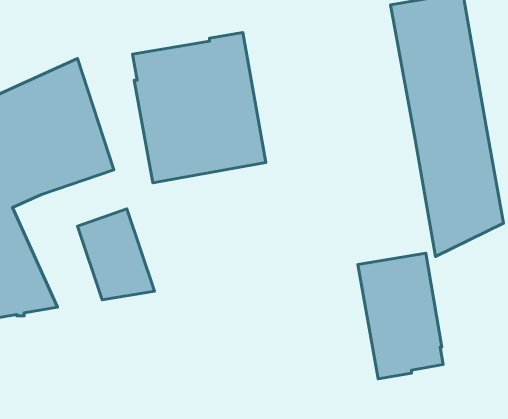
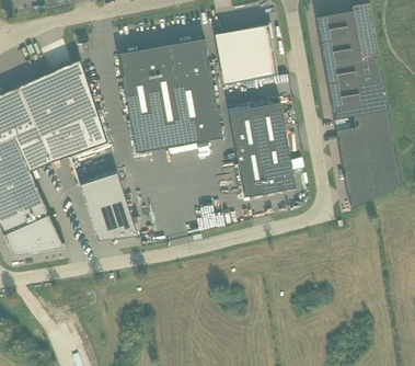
building: none -> [215,24,277,83]
building: [358,253,443,379] -> [229,102,293,197]

